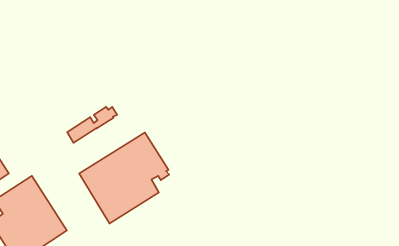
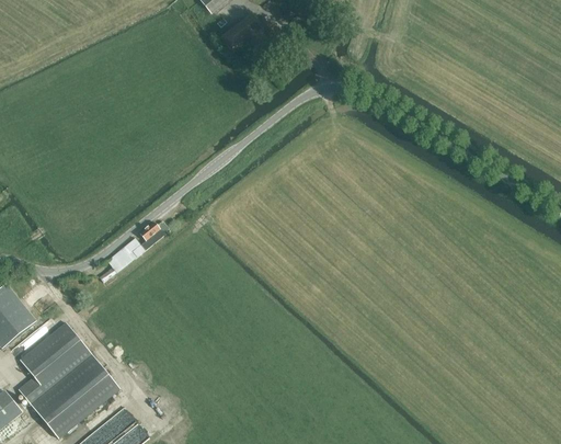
building: [79,132,169,223] -> none

